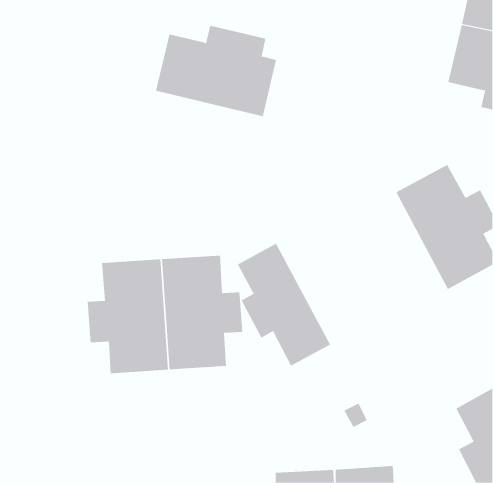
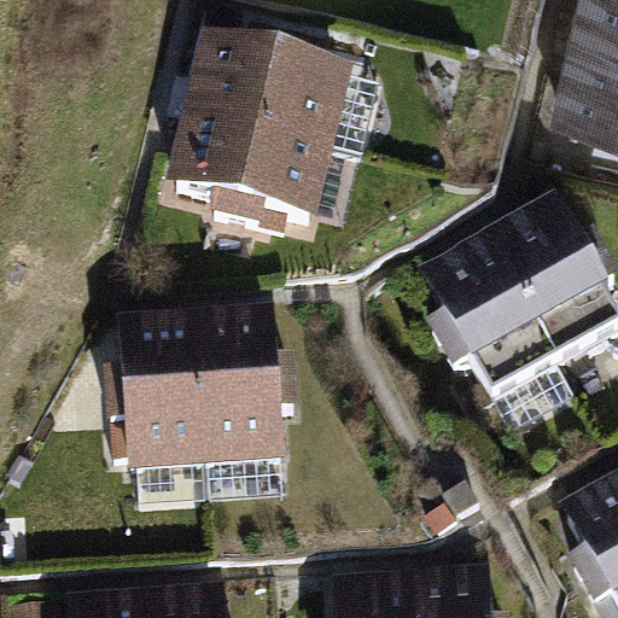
building: none -> [177,115,330,234]
building: none -> [430,241,560,407]
building: [237,243,331,367] -> none

